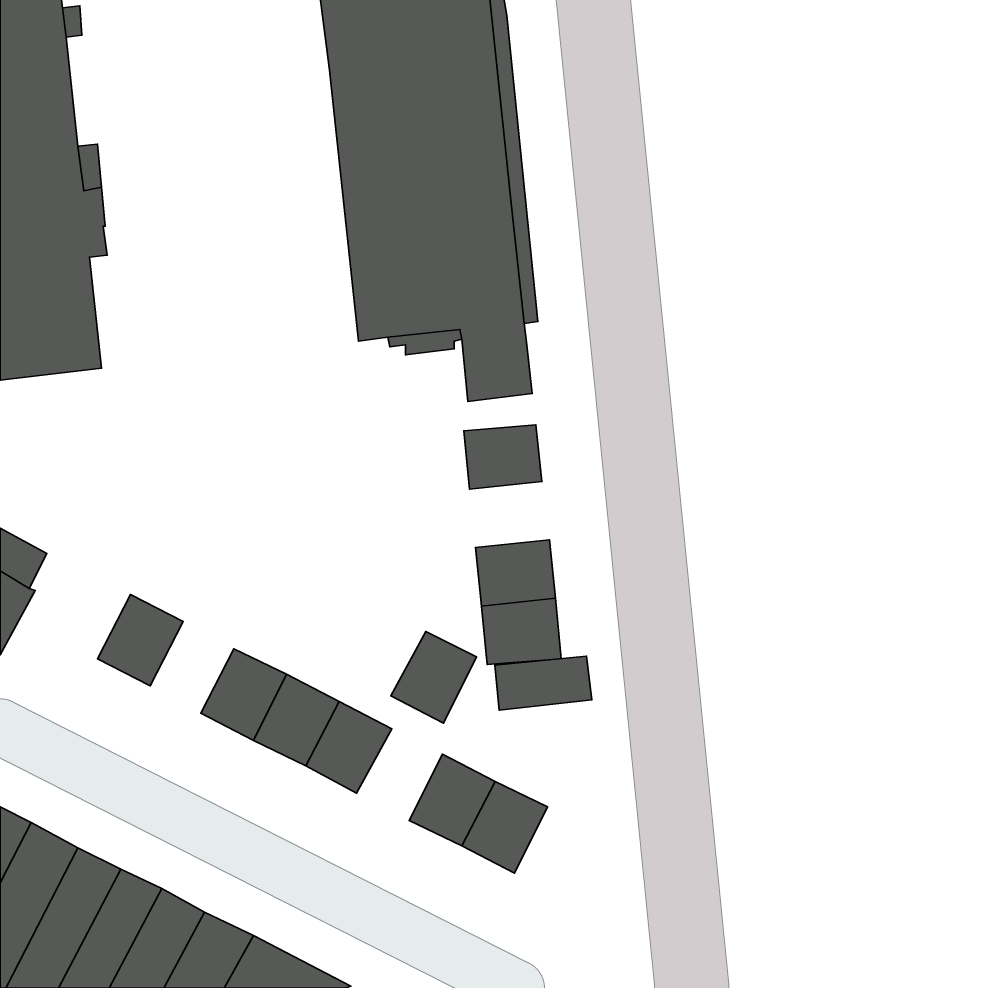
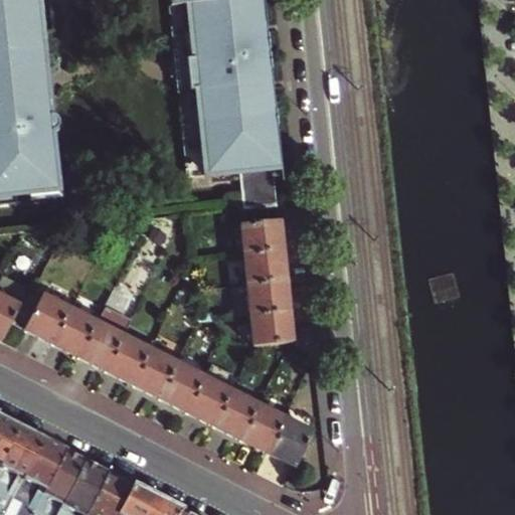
building: none -> [245,248,287,283]
building: none -> [25,293,70,340]
building: none -> [80,303,133,368]
building: [391,632,477,723] -> [187,376,231,423]
building: [495,656,592,710] -> none
building: none -> [269,416,314,465]

